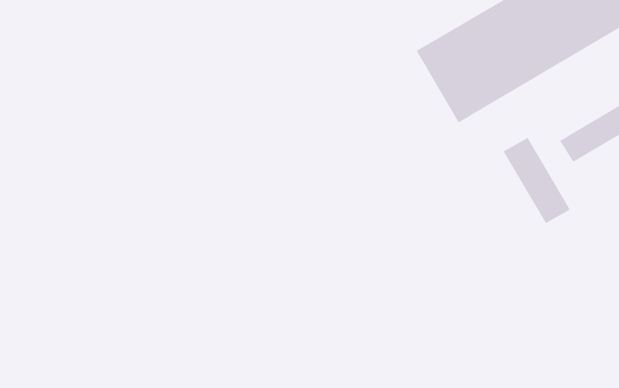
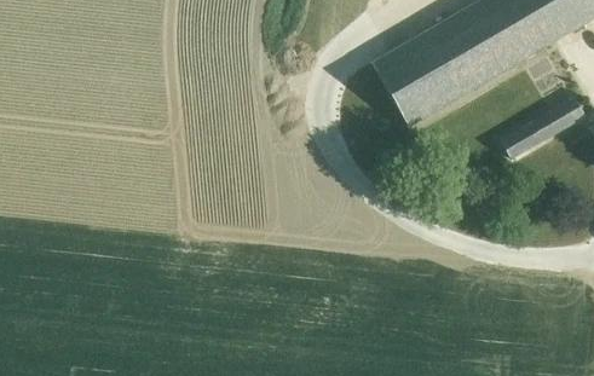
building: [503,137,571,224] -> none

